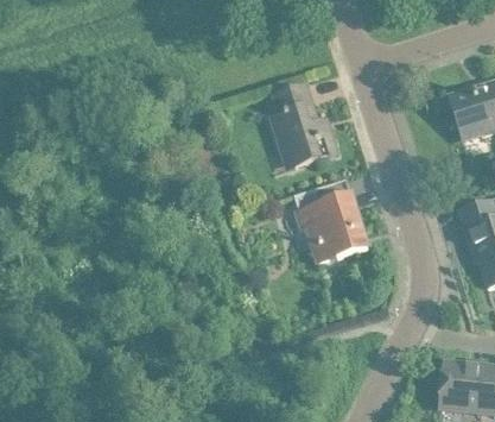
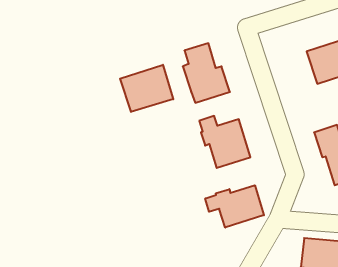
building: none -> [120,65,173,112]
building: none -> [205,185,264,228]

